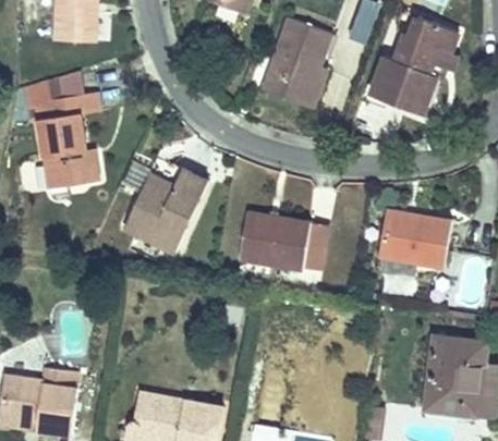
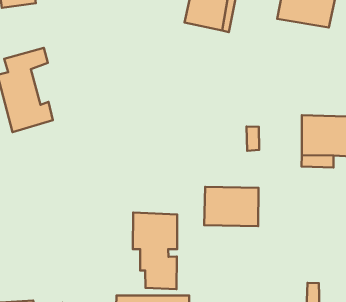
building: [119,164,203,247] -> none
building: [239,212,308,267] -> [204,187,258,226]
building: none -> [133,213,177,289]

